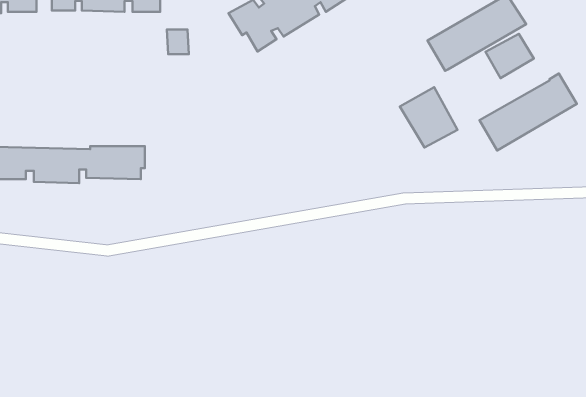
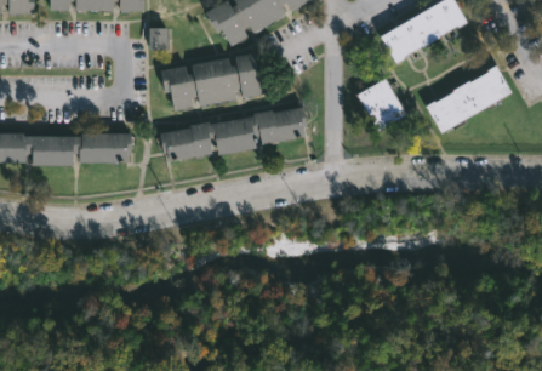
building: [486,34,534,78] -> none
building: none -> [160,55,267,108]
building: none -> [160,109,307,158]

